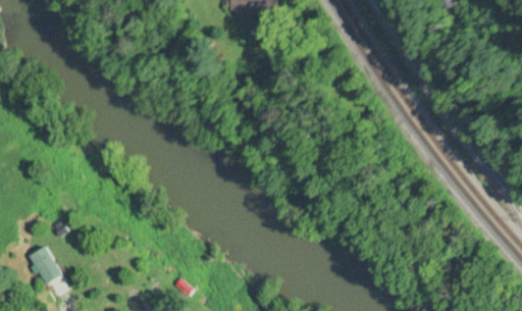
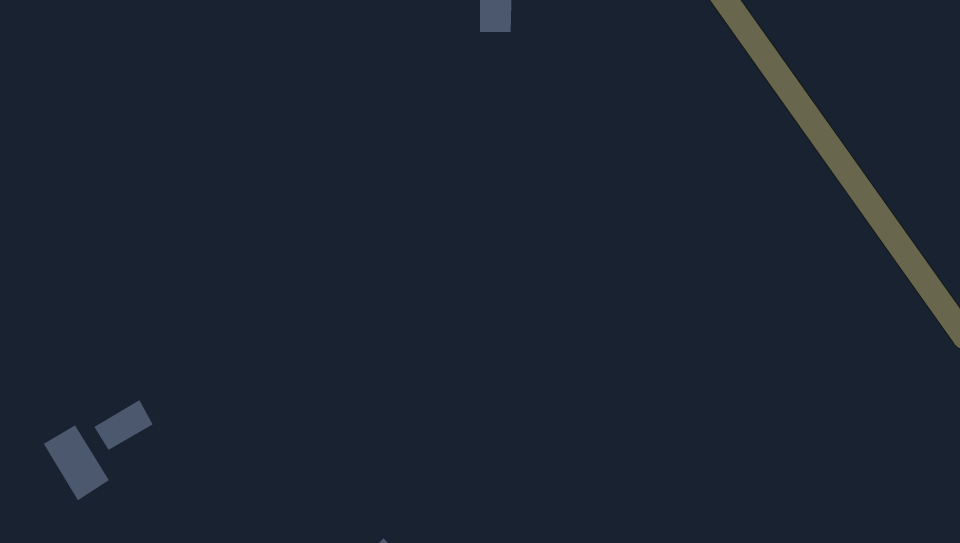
building: none -> [94,399,154,451]

